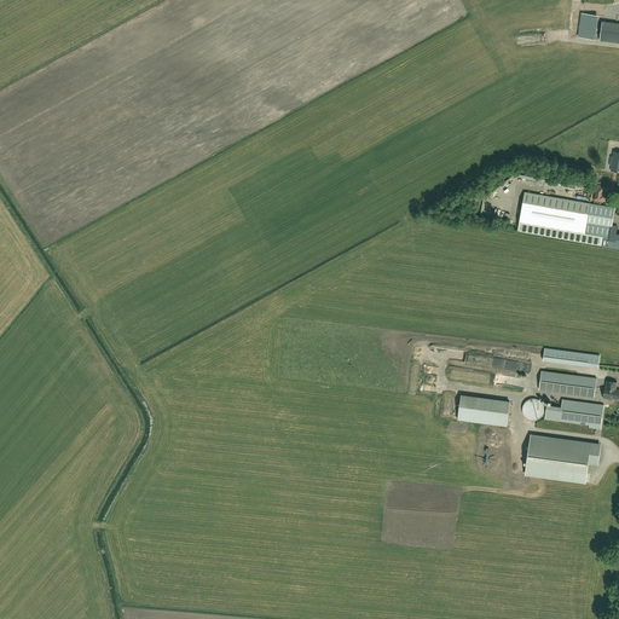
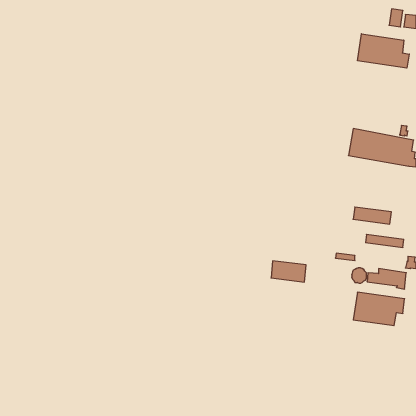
building: none -> [358,34,409,68]
building: [539,371,596,397] -> [353,207,391,224]
building: [459,394,511,426] -> [271,261,306,282]

